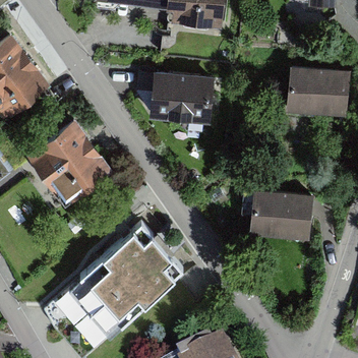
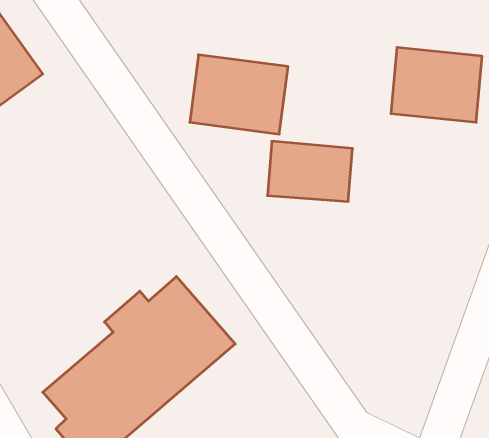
building: [25,118,109,200] -> none
building: [252,193,311,235] -> [267,141,353,201]

